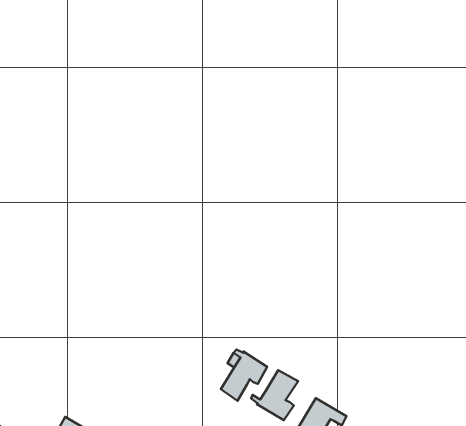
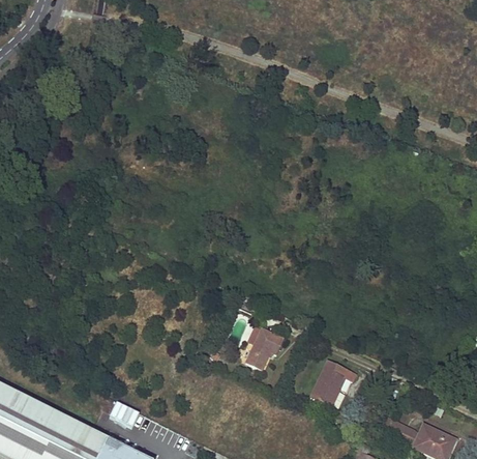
building: [251,370,298,420] -> none

